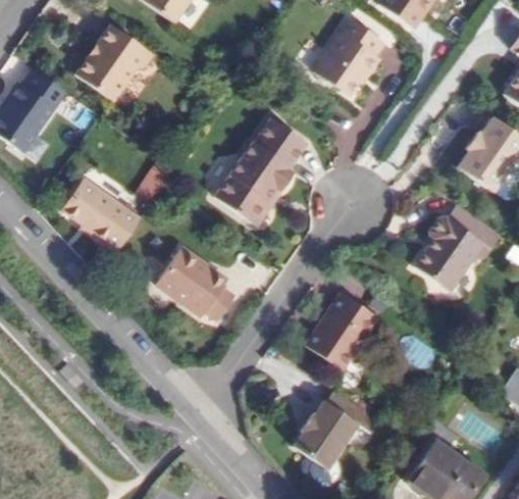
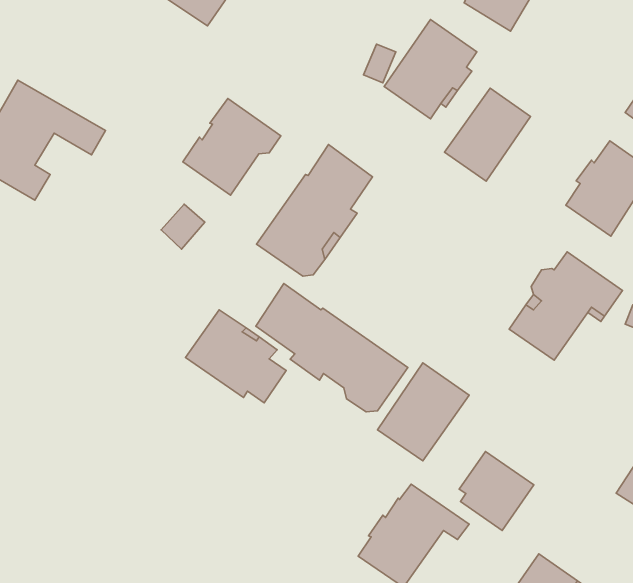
building: [75,26,153,102] -> [183,99,281,195]
building: none -> [444,88,530,181]
building: [57,174,141,251] -> none
building: none -> [256,283,408,412]
building: none -> [459,451,534,531]

